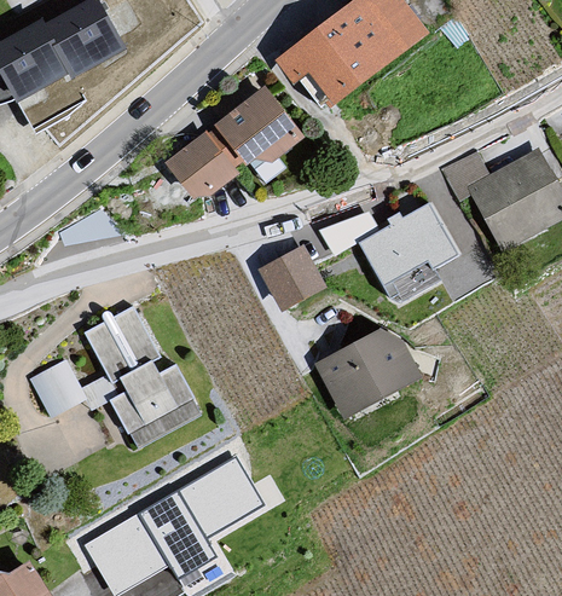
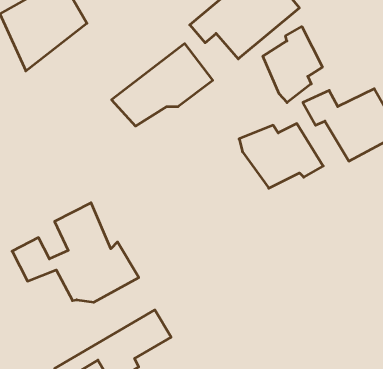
building: none -> [263,27,322,103]
building: [259,243,330,313] -> none
building: [311,329,424,419] -> none

